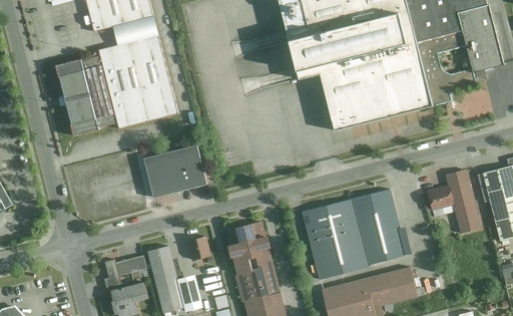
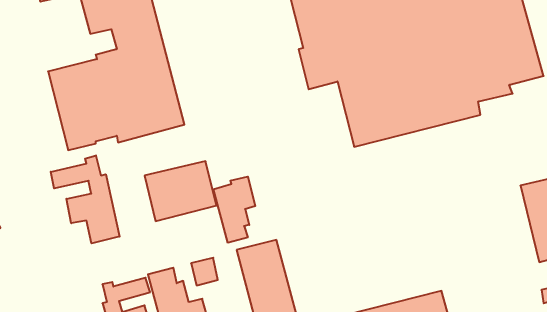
building: none -> [51,155,120,243]
building: none -> [214,177,255,243]
building: [421,167,481,232] -> none
building: [303,190,407,279] -> none

